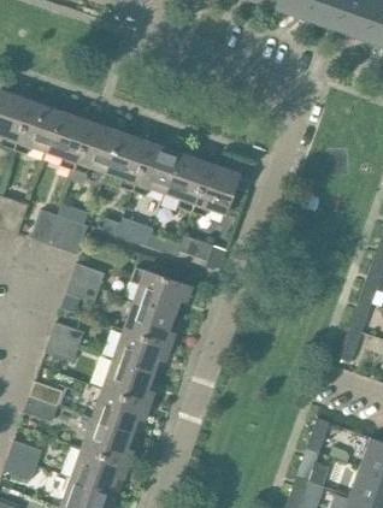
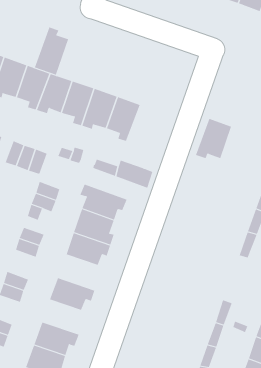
building: none -> [34,27,69,76]
building: [192,163,240,215] -> [195,118,232,159]
building: [101,359,155,406] -> none
building: [81,418,134,463] -> none

